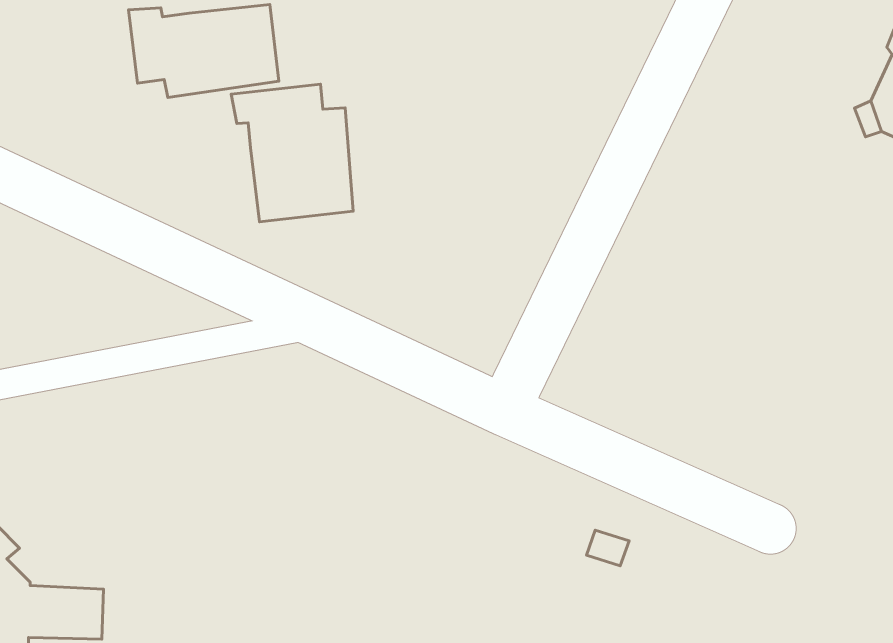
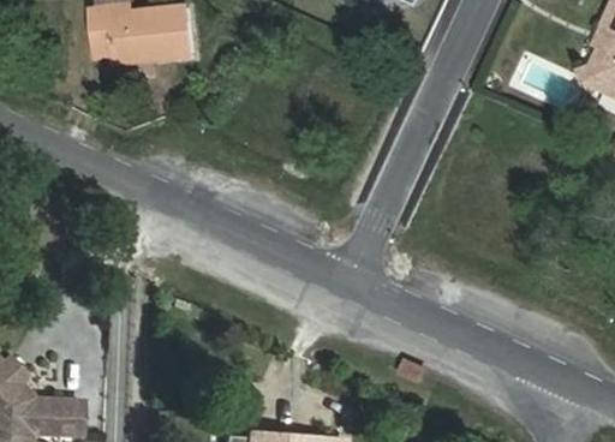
building: [231,84,353,222] -> none

